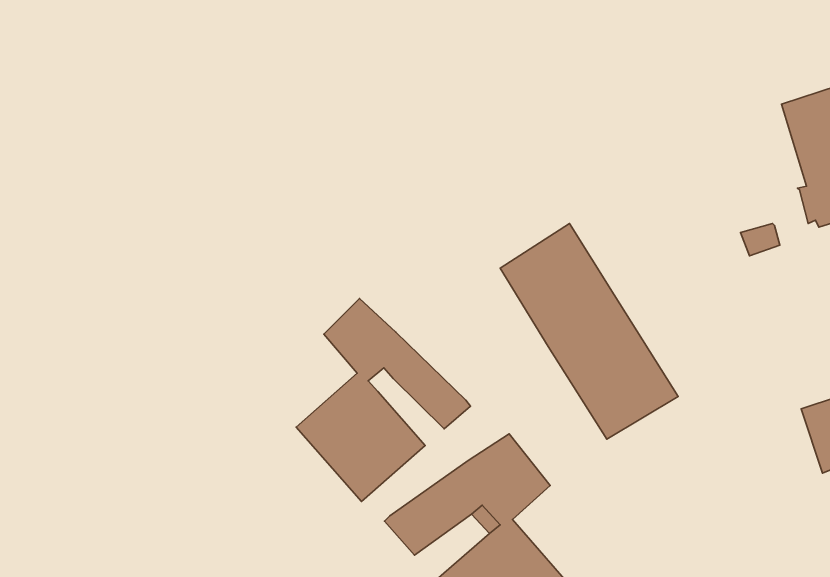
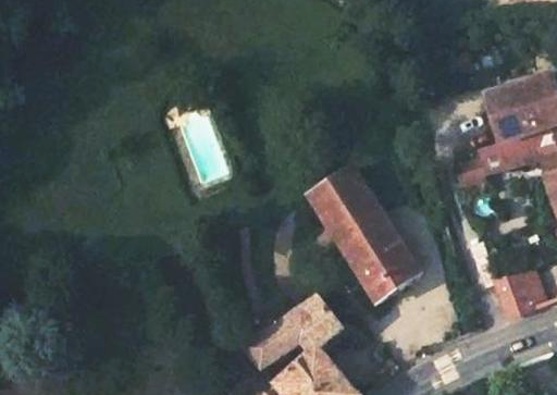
building: [296,298,471,502] -> none

